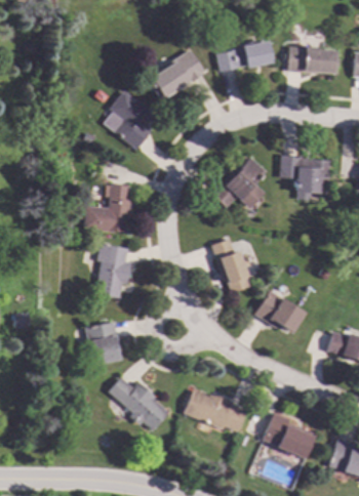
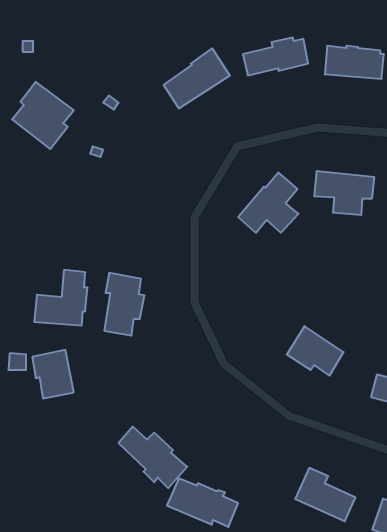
building: [104,91,157,150] -> [12,82,74,149]
building: [85,184,131,233] -> [34,270,88,325]
building: [211,239,251,293] -> none
building: [86,322,122,364] -> [32,350,74,398]
building: [184,390,245,432] -> [167,478,238,527]

